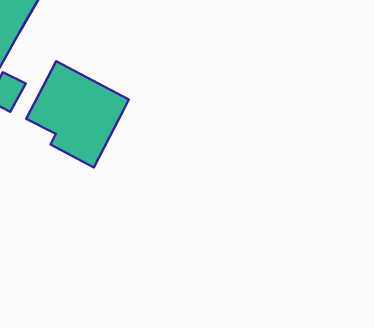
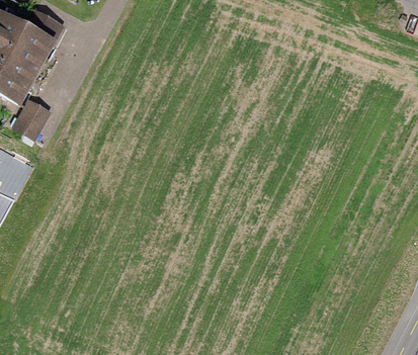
building: [26,61,129,168] -> none

